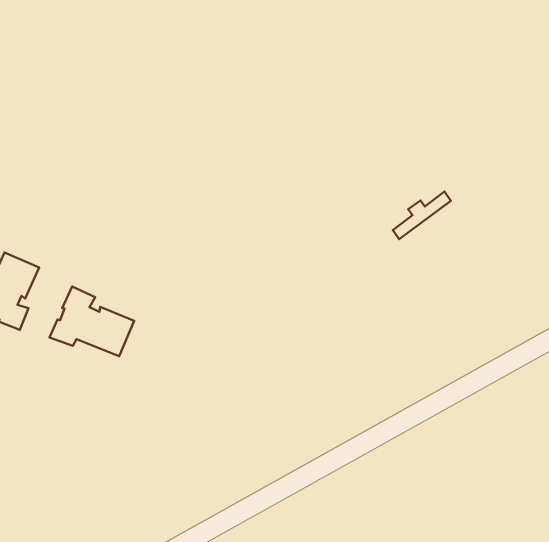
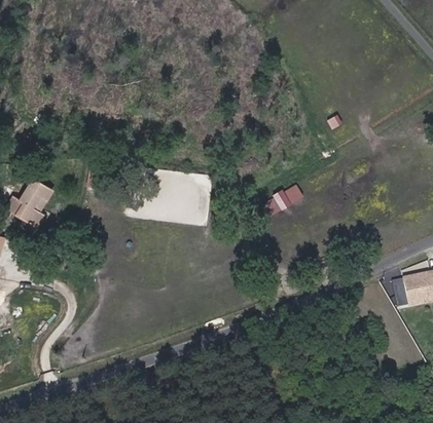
building: [49,287,134,356] -> none

